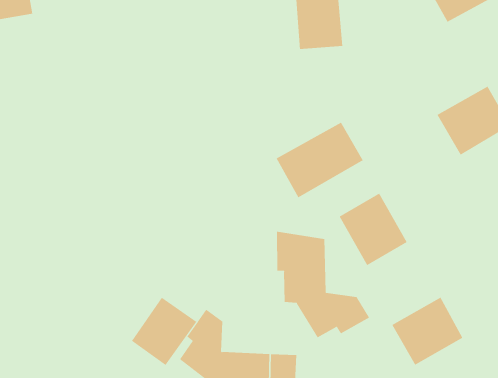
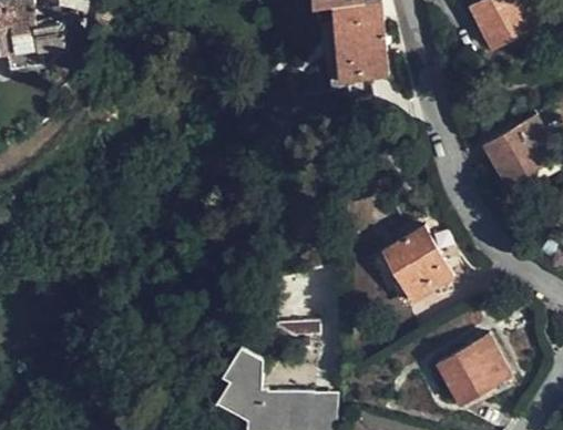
building: [276,122,364,198] -> none
building: [277,231,370,338] -> none
building: [131,297,197,366] -> none

